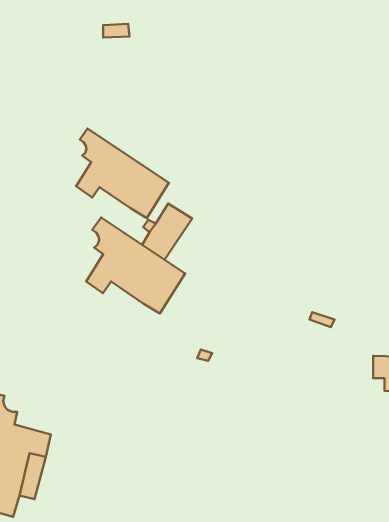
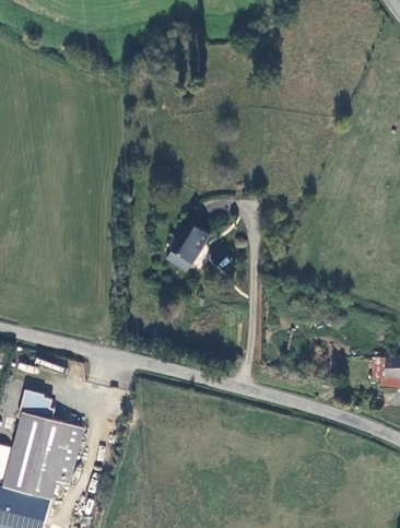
building: [76,129,169,218] -> none
building: [86,218,185,314] -> none

